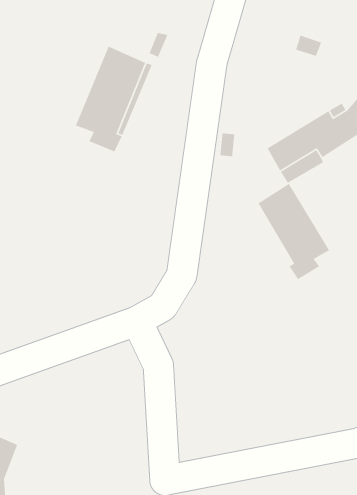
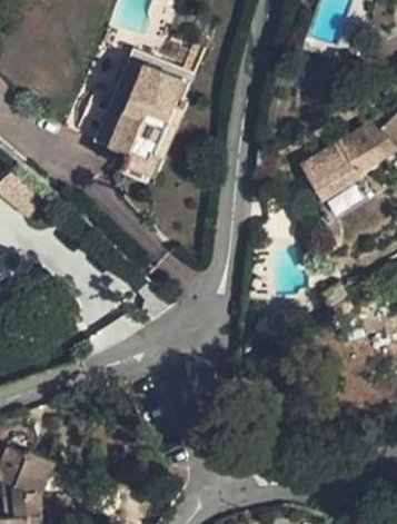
building: [257,183,330,280] -> none

